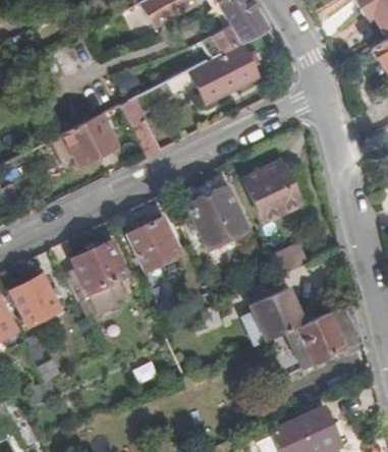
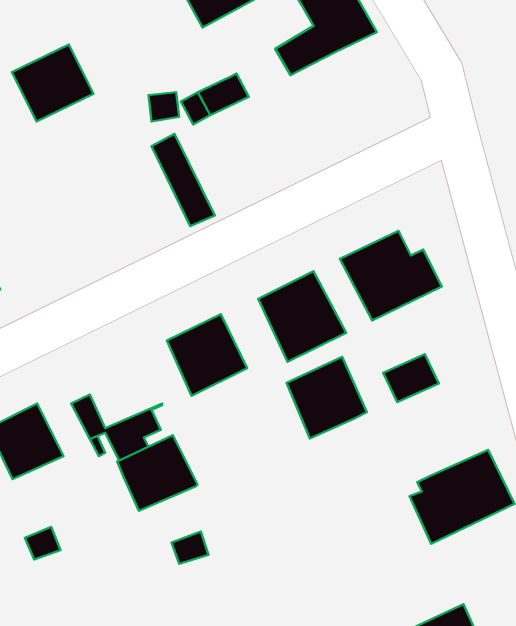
building: [188,43,261,105] -> none
building: [63,114,117,165] -> [12,44,94,121]
building: [75,241,128,291] -> [117,435,198,511]
building: [251,286,303,340] -> [287,357,367,438]

